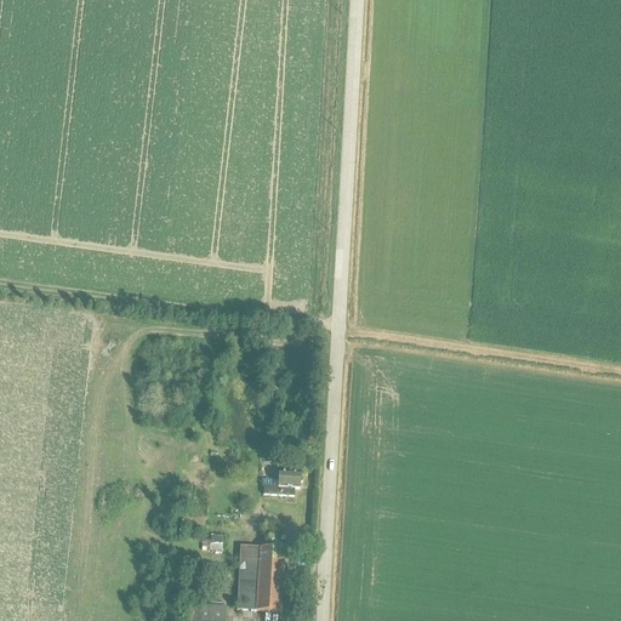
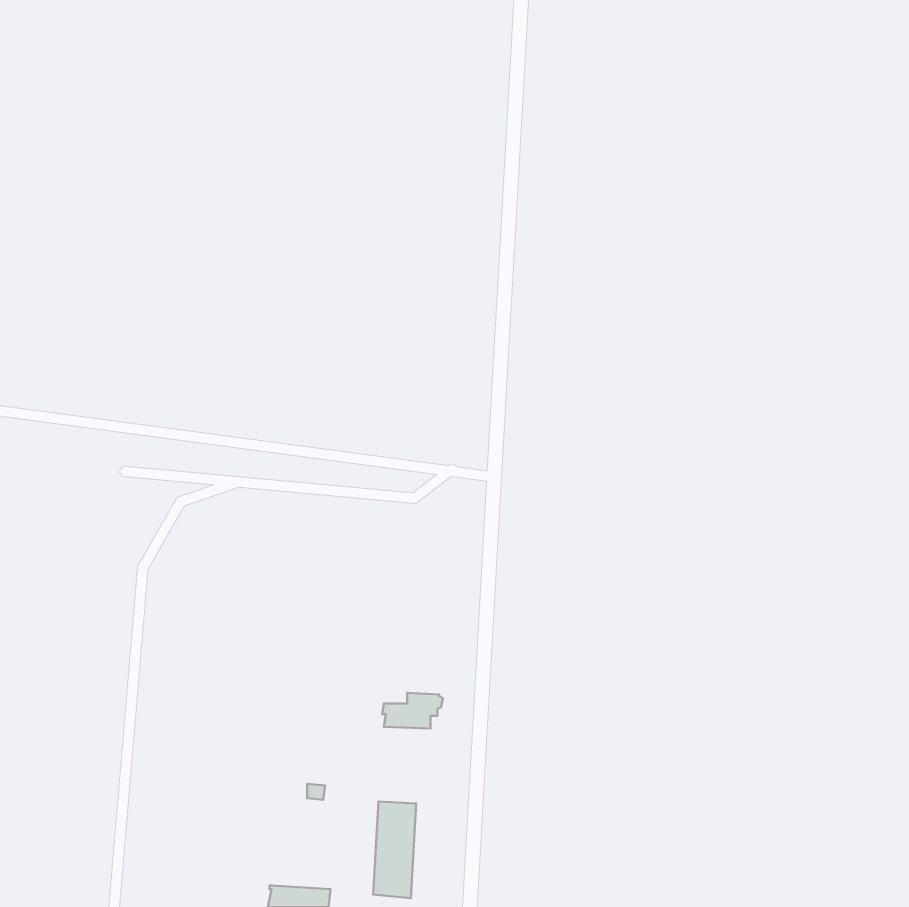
building: [235,543,257,608] -> none

